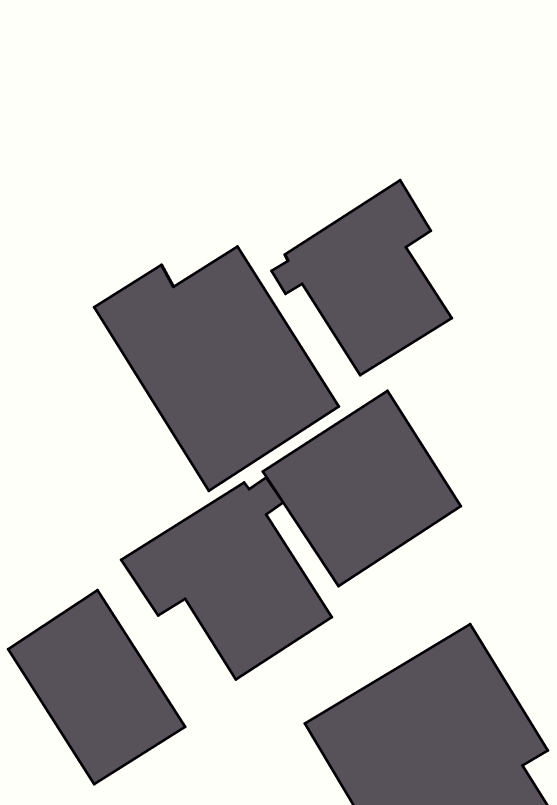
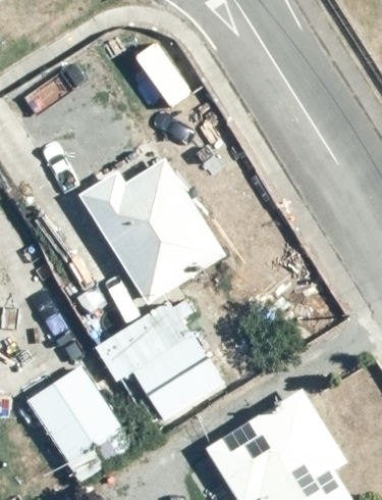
building: [272,180,452,375] -> none
building: [263,391,461,586] -> none

